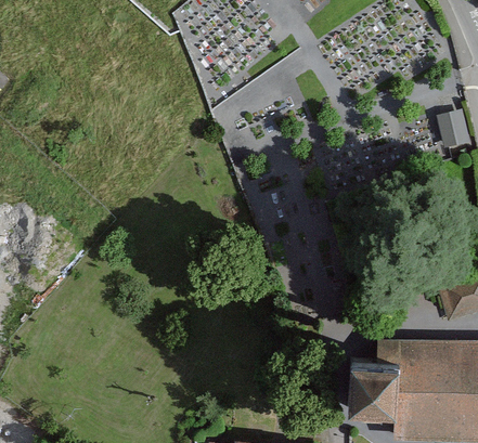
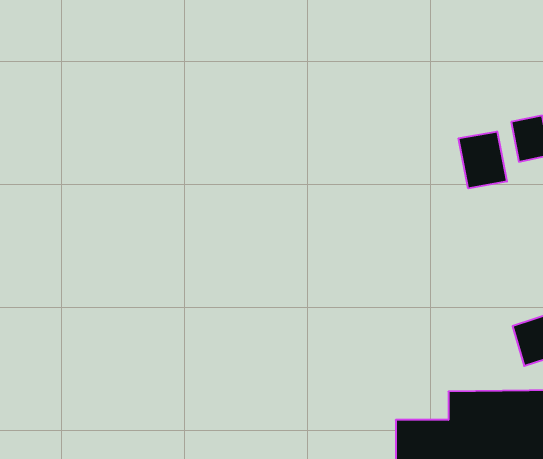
building: none -> [459,131,507,188]

